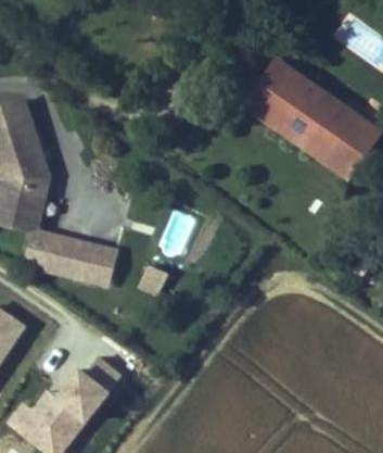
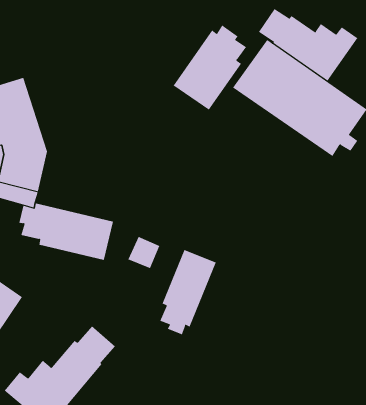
building: none -> [258,8,358,82]
building: none -> [173,25,247,111]
building: none -> [159,249,217,335]

